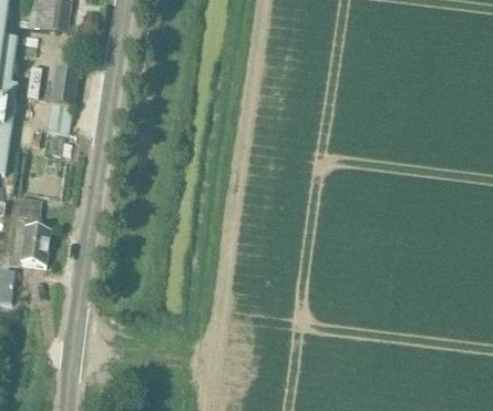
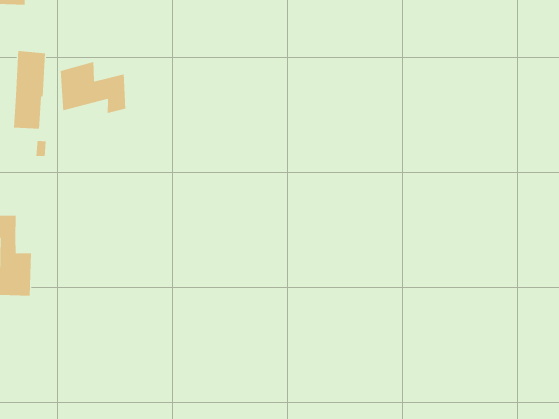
building: none -> [60,61,126,114]

